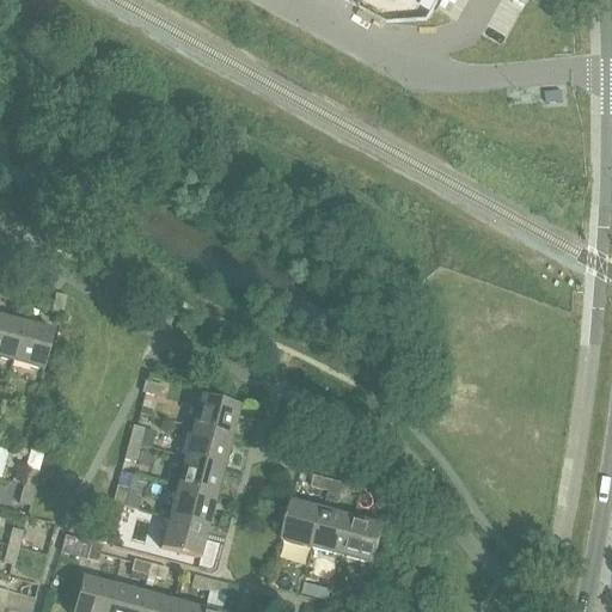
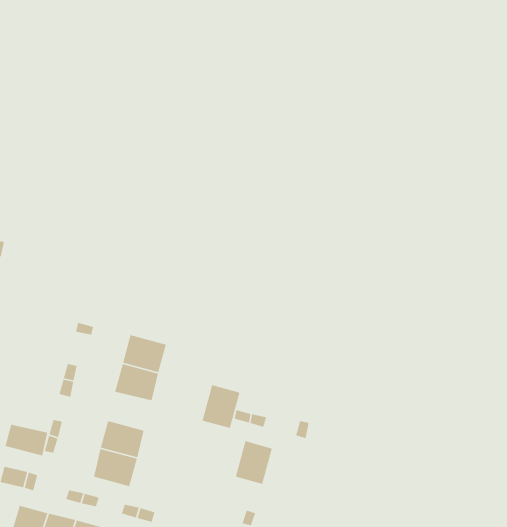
building: [177,454,225,495] -> none
building: none -> [5,424,48,456]
building: [282,497,324,545] -> [201,384,241,429]
building: [343,514,385,562] -> none

